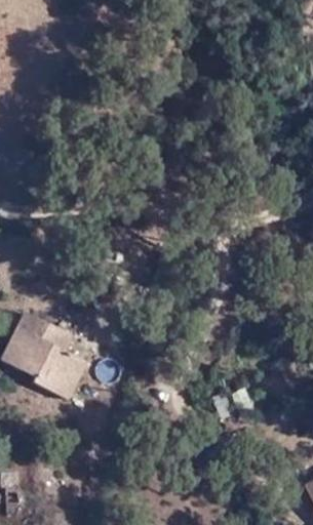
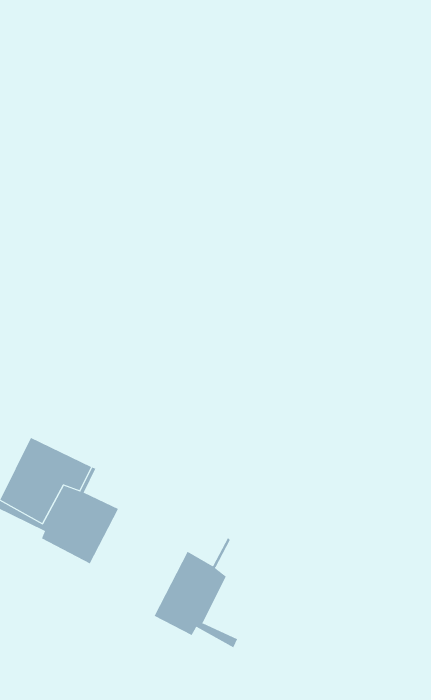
building: none -> [154,537,238,648]

